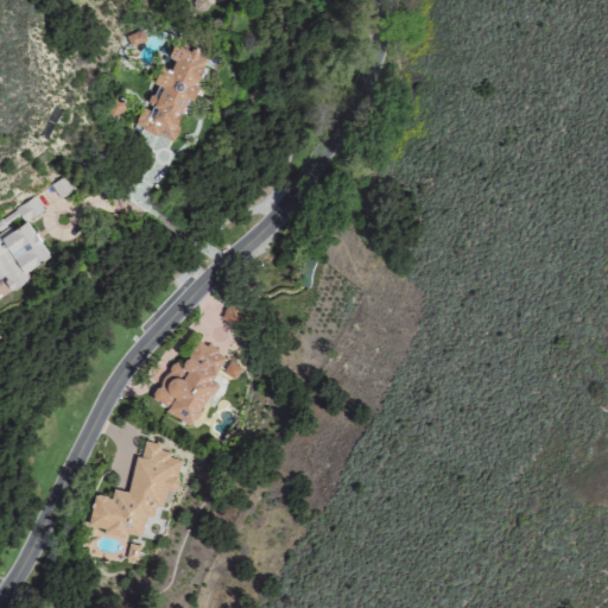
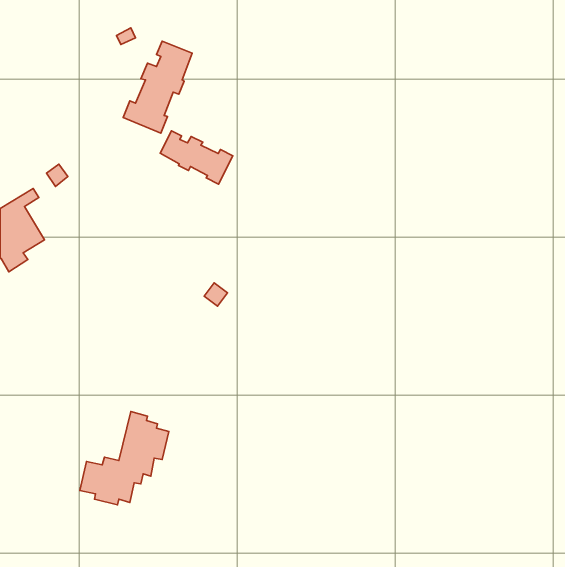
building: none -> [160,131,233,184]
building: [151,342,242,425] -> none

